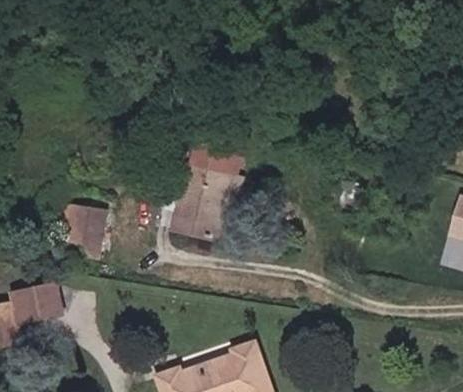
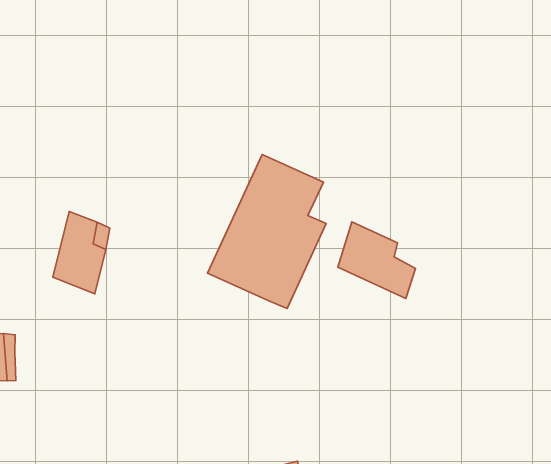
building: none -> [338,222,415,298]

